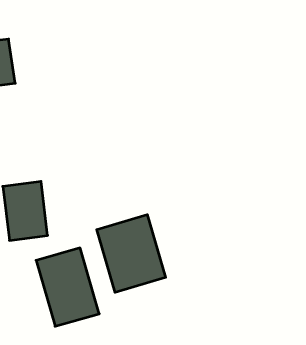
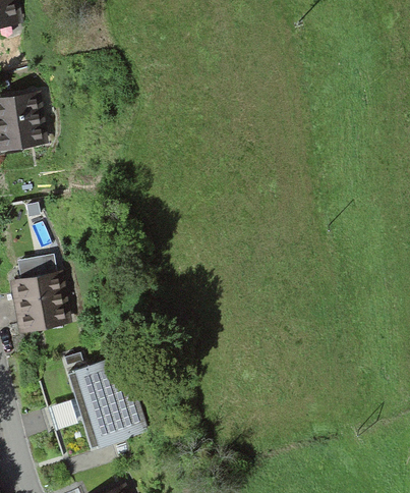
building: [97,215,166,292] -> none

